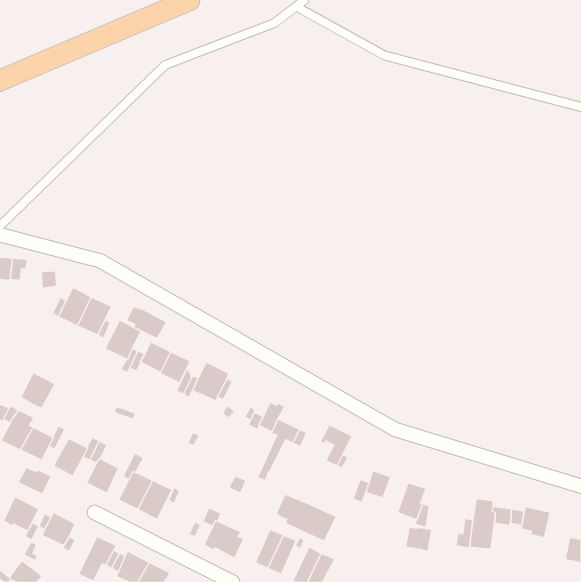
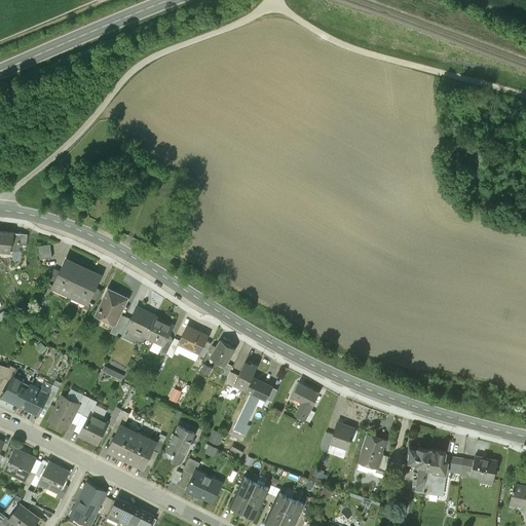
building: [127,306,167,339] -> none
building: [21,373,55,408] -> none
building: none -> [209,340,234,367]
building: [18,467,51,494] -> none
building: none -> [165,426,193,463]
building: [276,494,336,541] -> none
building: [406,527,432,551] -> [406,448,429,469]

